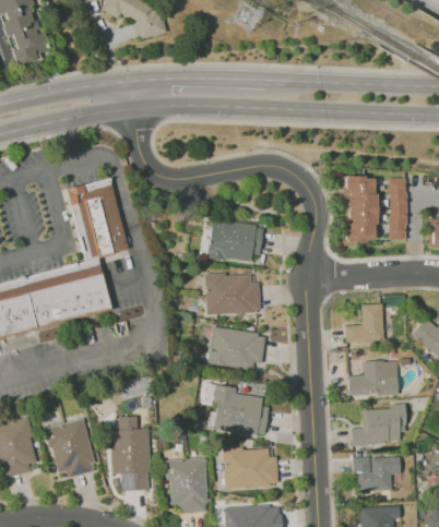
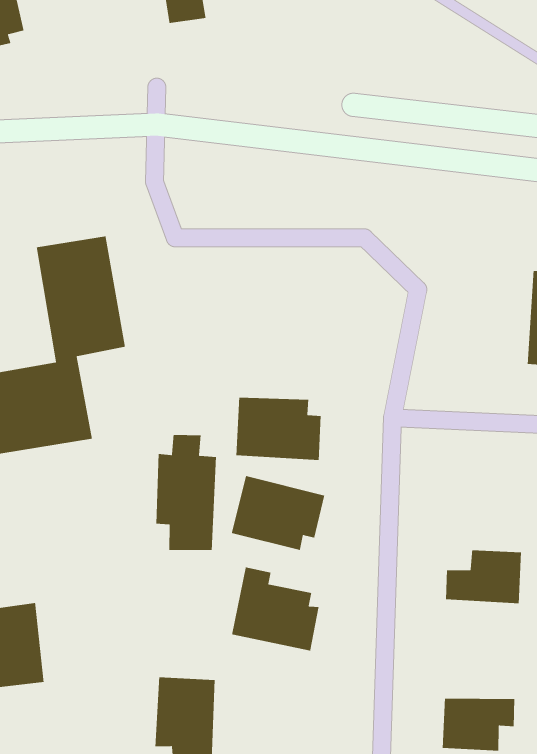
building: [344,176,377,242] -> none
building: [207,219,263,262] -> none
building: [346,303,383,342] -> none
building: [352,403,406,444] -> none
building: [110,415,151,491] -> [155,434,217,551]
building: [224,447,278,487] -> none

